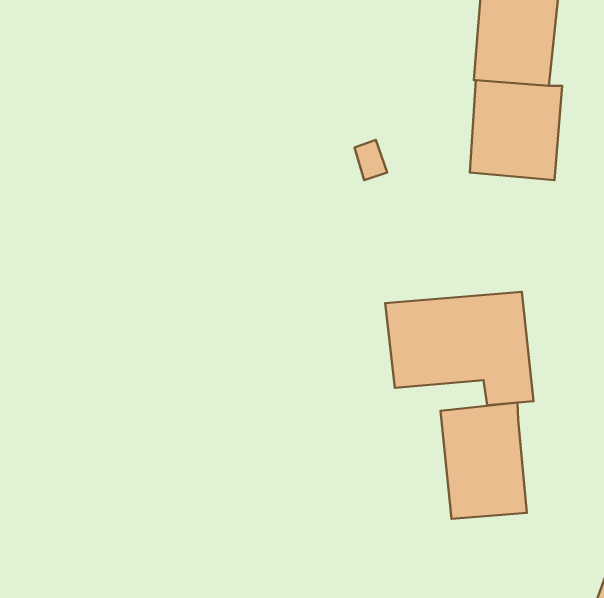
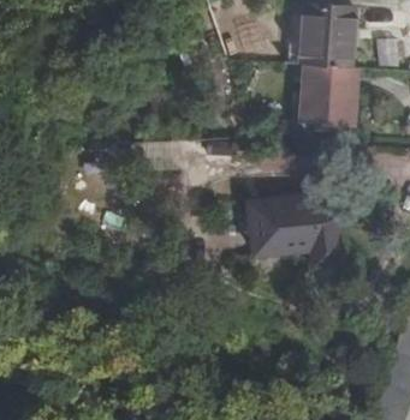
building: [441,403,527,519] -> none

